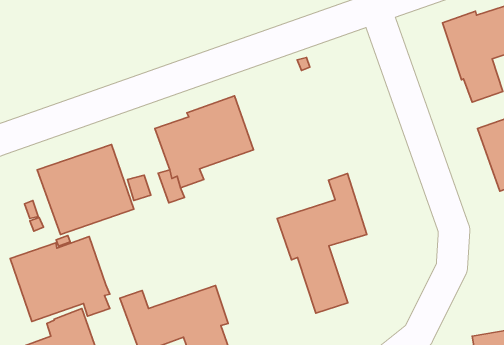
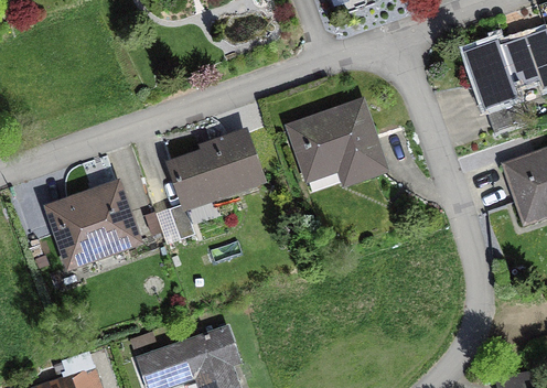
building: none -> [285,96,390,190]
building: [277,174,367,313] -> none
building: [10,237,110,321] -> none

